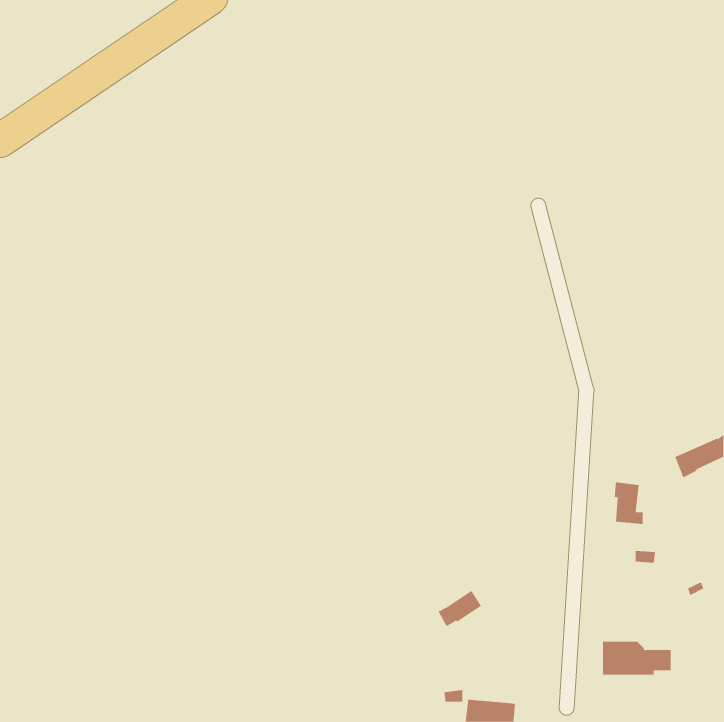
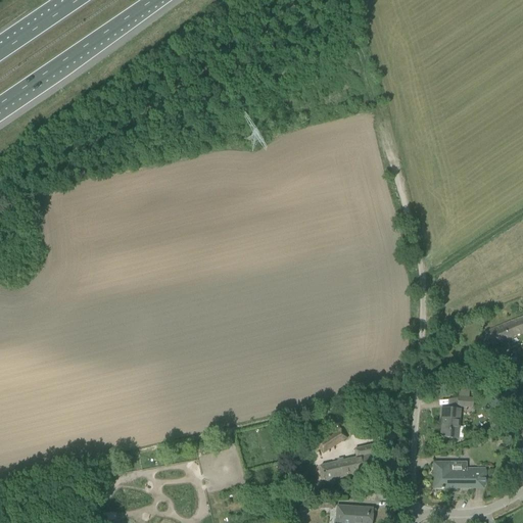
building: [614,482,644,525] -> [440,407,462,437]
building: none -> [321,443,377,478]

